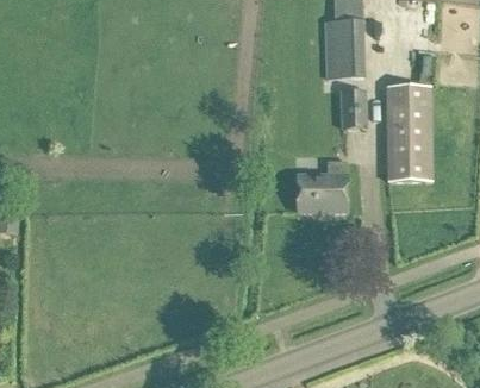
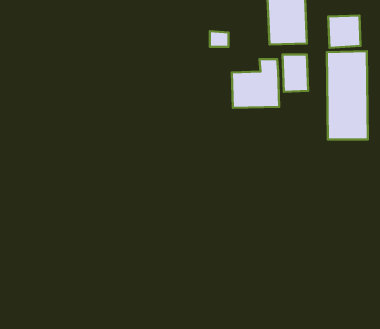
building: none -> [328,16,361,48]
building: [297,161,348,213] -> [232,59,279,108]

